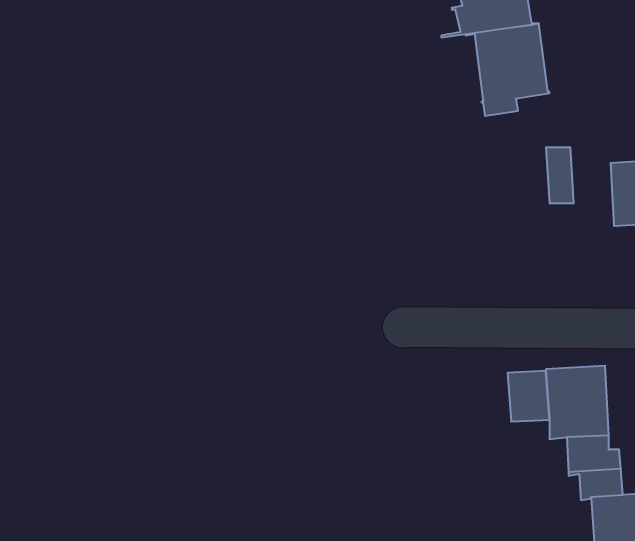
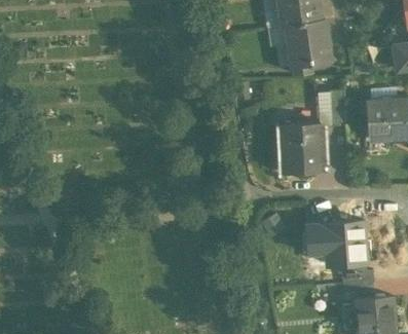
building: none -> [281,122,322,171]

